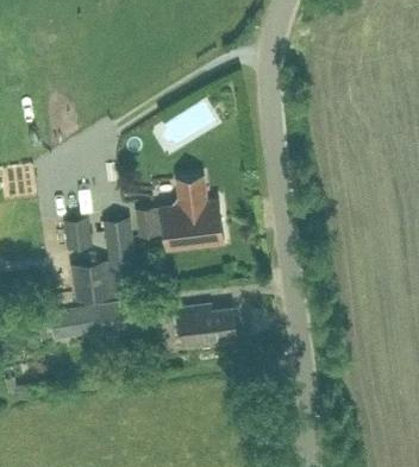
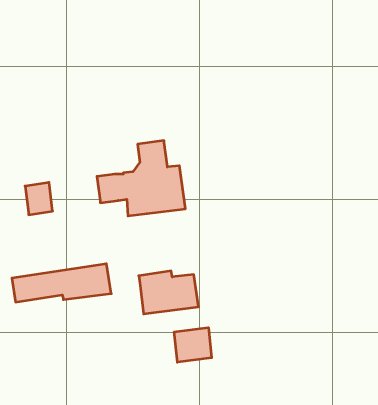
building: [70,220,137,302] -> none
building: none -> [174,328,212,362]

